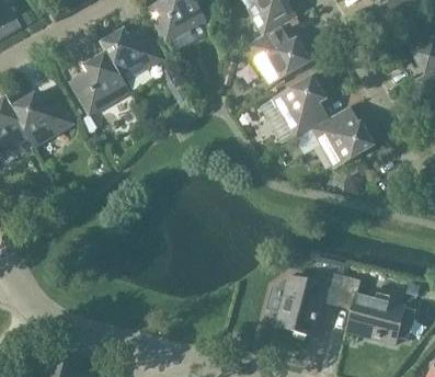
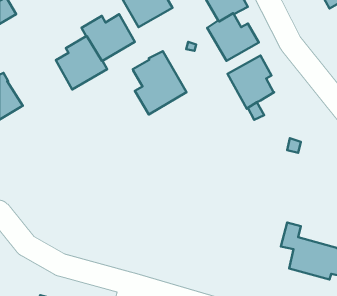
building: none -> [133,51,187,114]
building: [10,88,75,147] -> none
building: [312,106,375,168] -> none
building: [275,270,344,334] -> none

